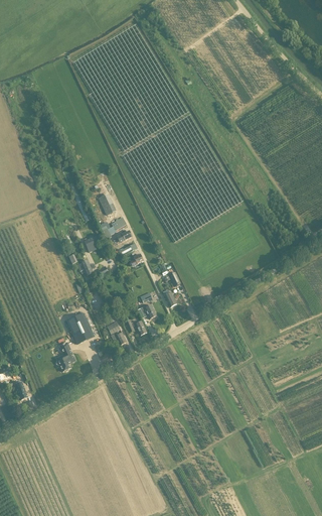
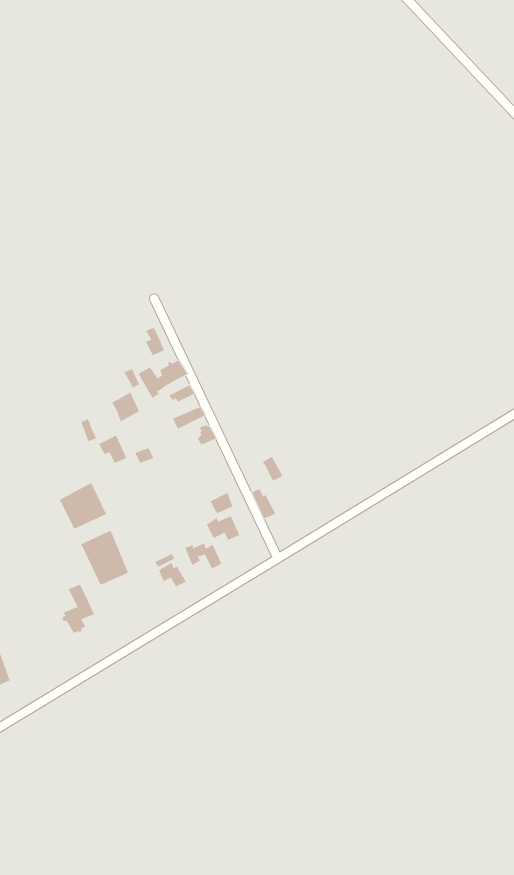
building: none -> [59,482,107,530]

